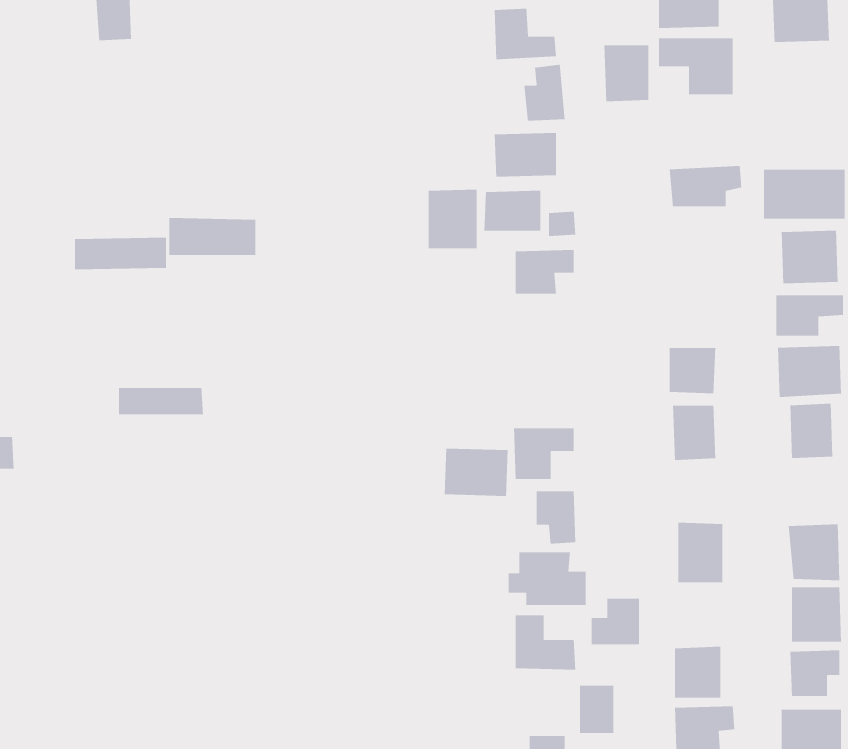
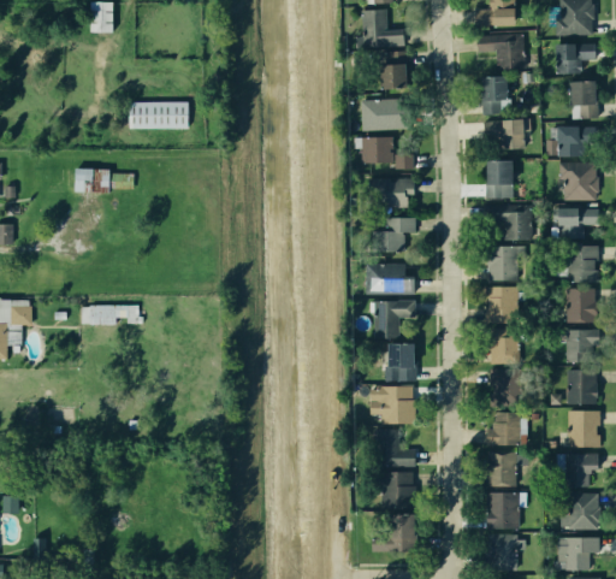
building: [604,44,649,102] -> [478,76,509,116]
building: none -> [555,39,596,72]
building: none -> [564,81,599,117]
building: [428,189,477,249] -> none
building: [169,217,256,256] -> [129,102,189,129]
building: none -> [482,159,515,201]
building: none -> [488,208,532,242]
building: none -> [372,217,417,254]
building: [118,387,204,415] -> [82,306,141,325]
building: [444,448,508,497] -> [369,262,414,296]
building: none -> [488,329,516,361]
building: none -> [565,330,597,364]
building: [591,598,640,645] -> [485,413,519,445]
building: [579,685,614,734] -> [384,472,408,506]

